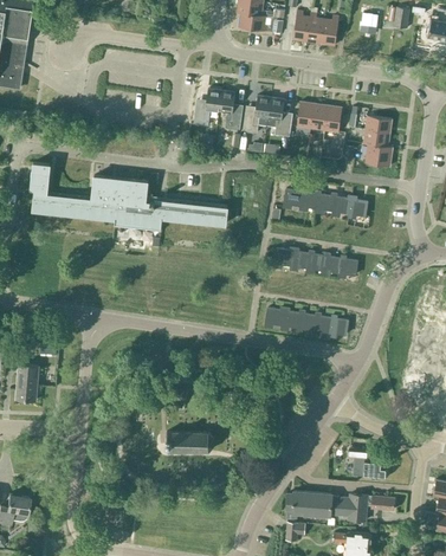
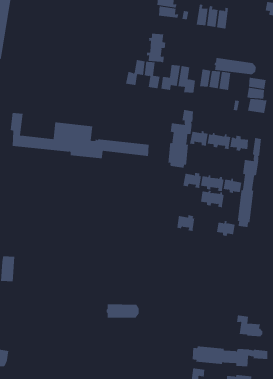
building: none -> [146,33,166,63]
building: none -> [214,57,256,75]
building: none -> [168,109,193,168]
building: none -> [237,137,261,228]
building: [289,310,323,335] -> [200,190,225,208]

